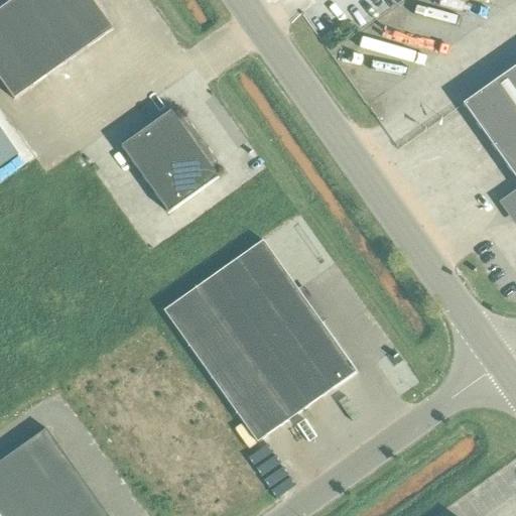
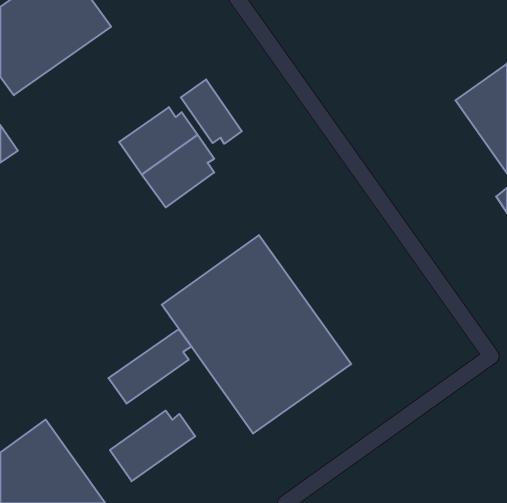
building: none -> [181,79,242,144]
building: none -> [108,329,191,404]
building: none -> [110,411,195,481]

